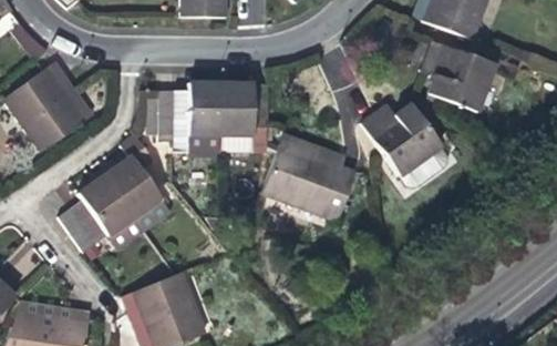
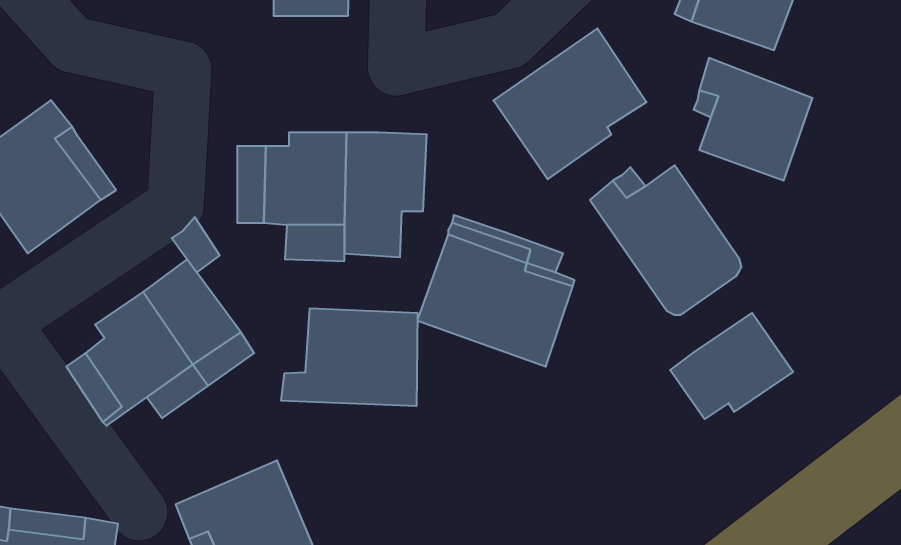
building: none -> [493,28,647,179]
building: none -> [281,308,417,406]
building: none -> [670,313,793,419]

